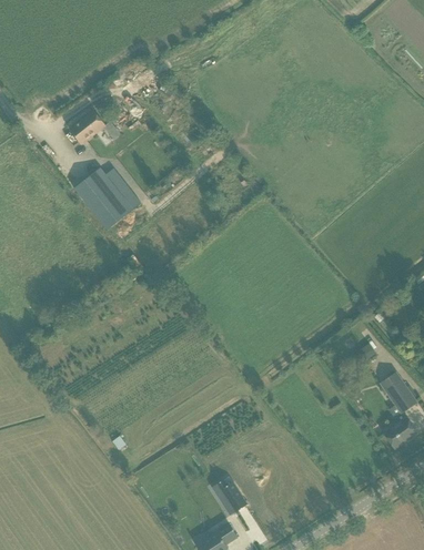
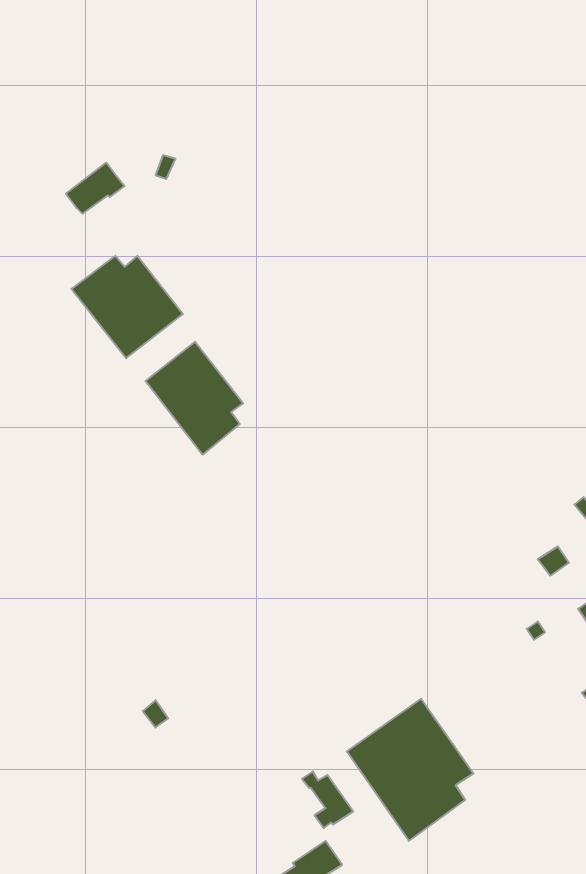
building: none -> [145,342,243,455]
building: none -> [347,699,474,841]

